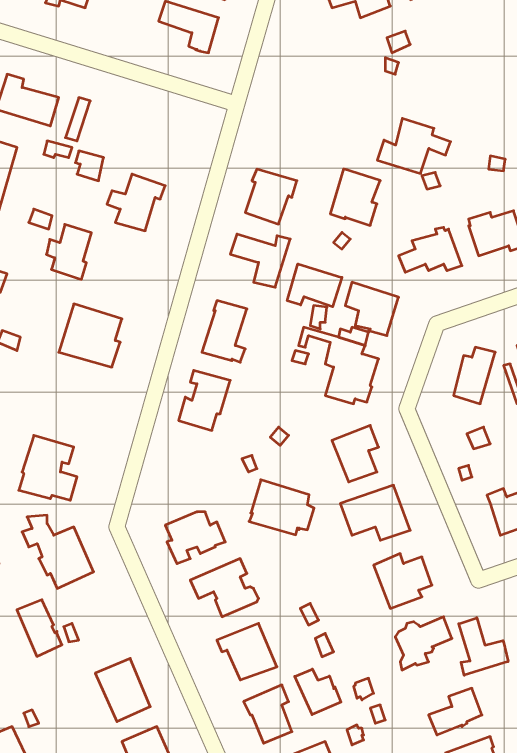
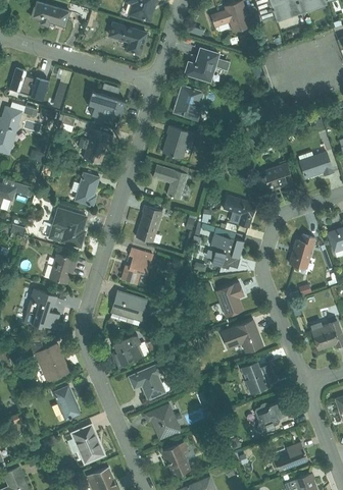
building: none -> [87,91,126,122]
building: [377,118,451,173] -> [185,48,230,81]
building: [330,169,380,225] -> [174,85,204,119]
building: [46,224,91,279] -> [71,172,99,206]
building: [287,264,342,307] -> none
building: none -> [49,253,77,283]
building: [249,480,314,535] -> [110,291,150,325]
building: [17,600,62,656] -> [53,386,81,421]
building: [459,618,508,675] -> none
building: [295,669,341,715] -> none

